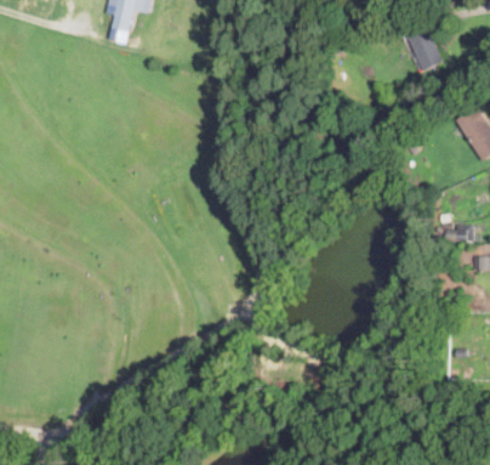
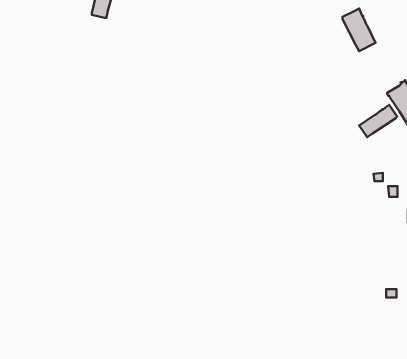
building: none -> [359,105,397,137]

